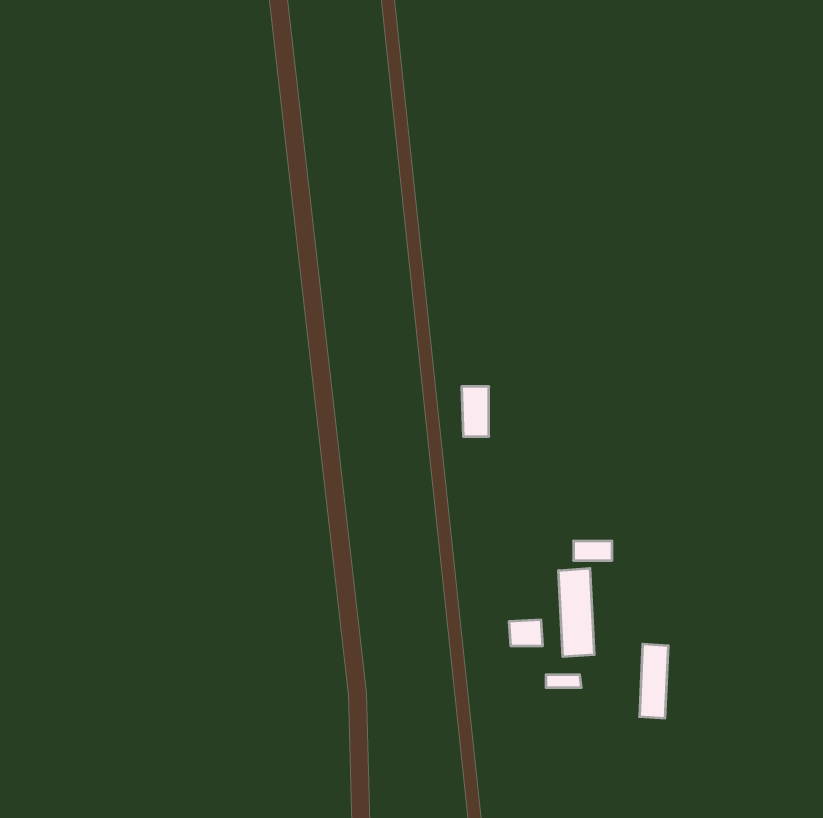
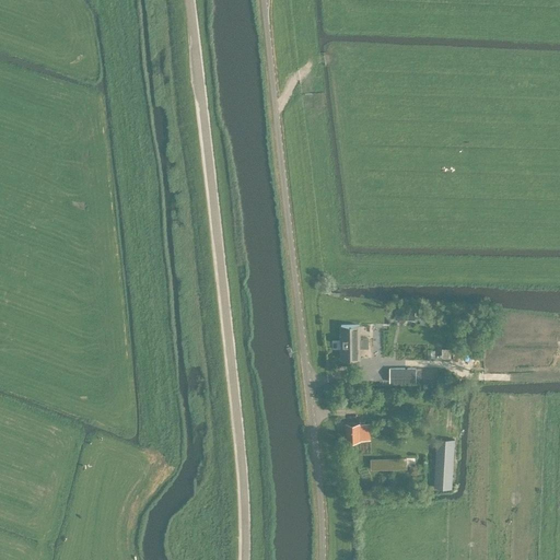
building: [462,387,489,436] -> [340,327,359,361]
building: [559,568,594,657] -> none

